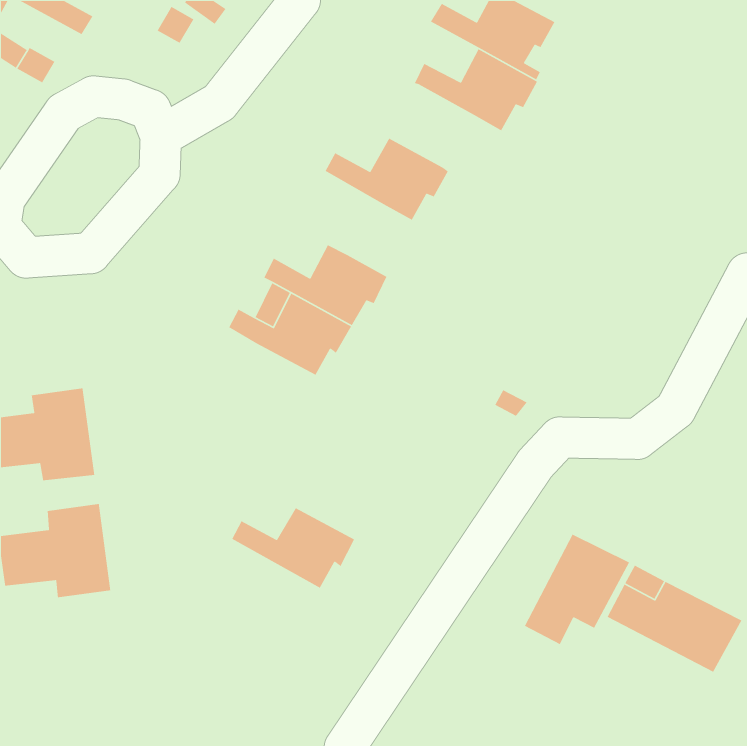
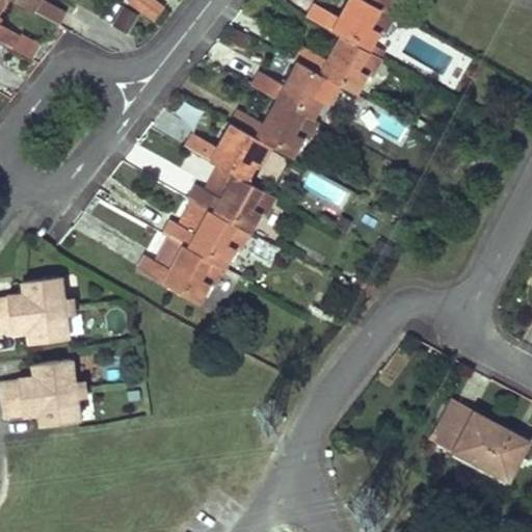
building: none -> [250,61,339,119]
building: none -> [184,123,272,182]
building: [231,507,355,589] -> [136,245,224,303]
building: [524,533,630,645] -> none

